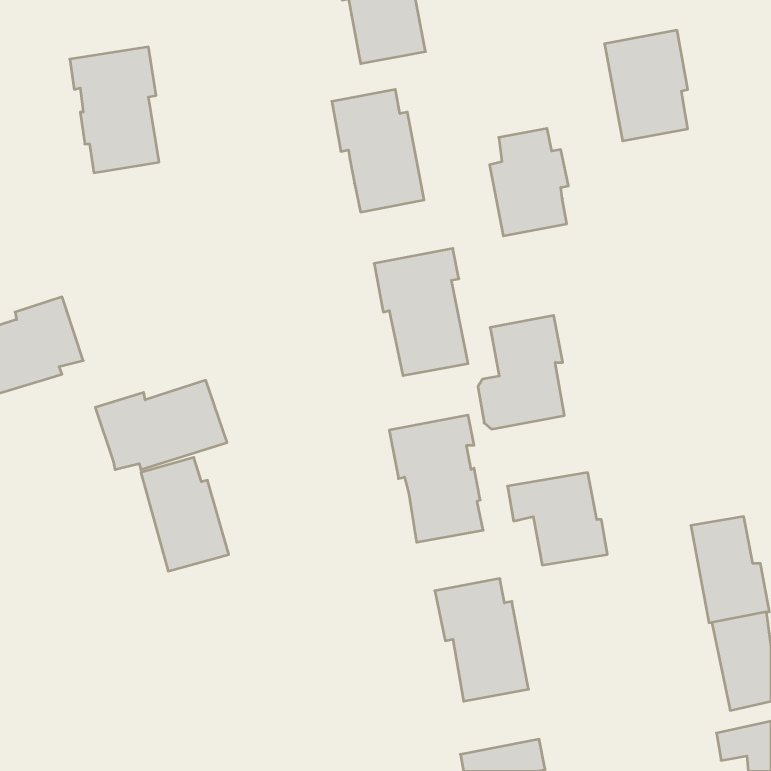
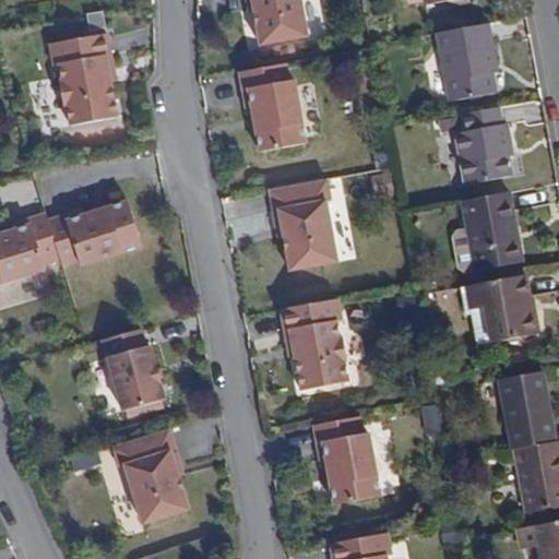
building: [490,128,568,236] -> [455,106,512,183]
building: [478,315,564,429] -> [453,191,515,273]
building: [95,380,227,470] -> [47,201,142,265]
building: [507,473,607,565] -> [465,275,537,342]
building: none -> [114,429,188,525]

